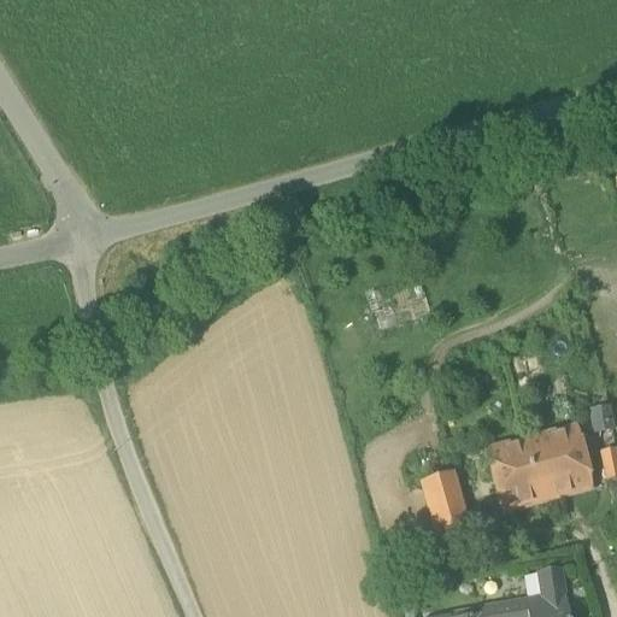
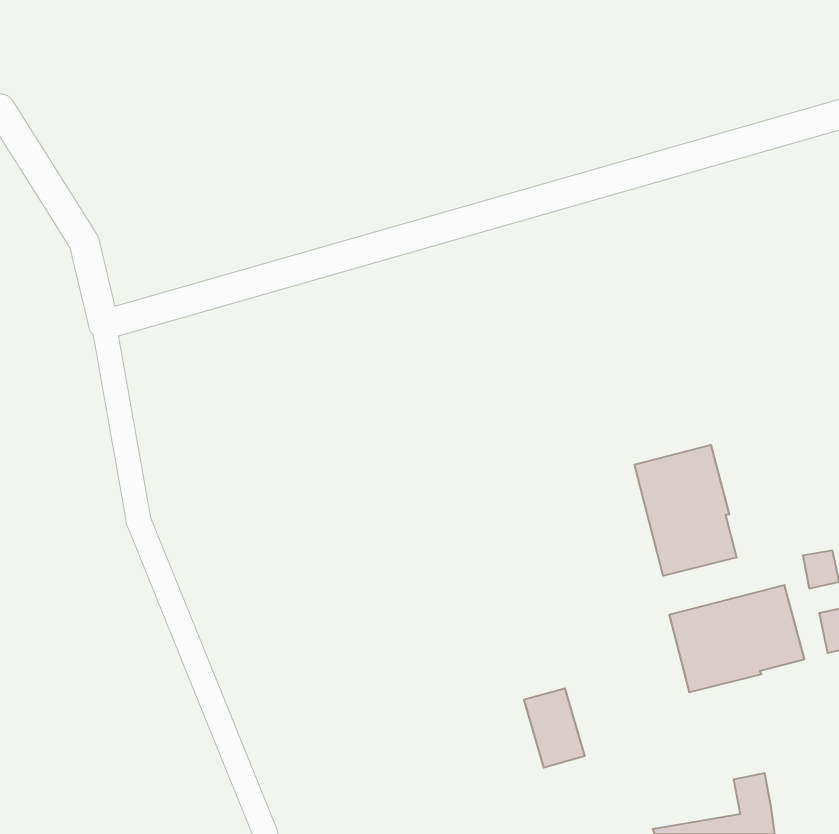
building: none -> [634,445,737,576]
building: [424,474,469,531] -> [524,688,585,768]

